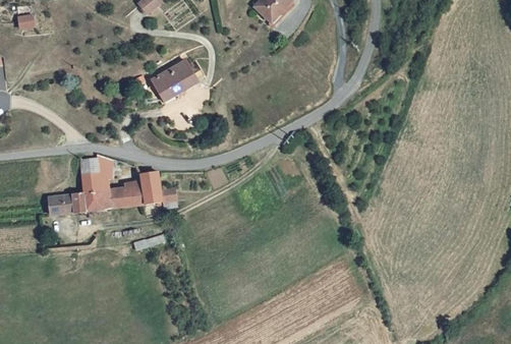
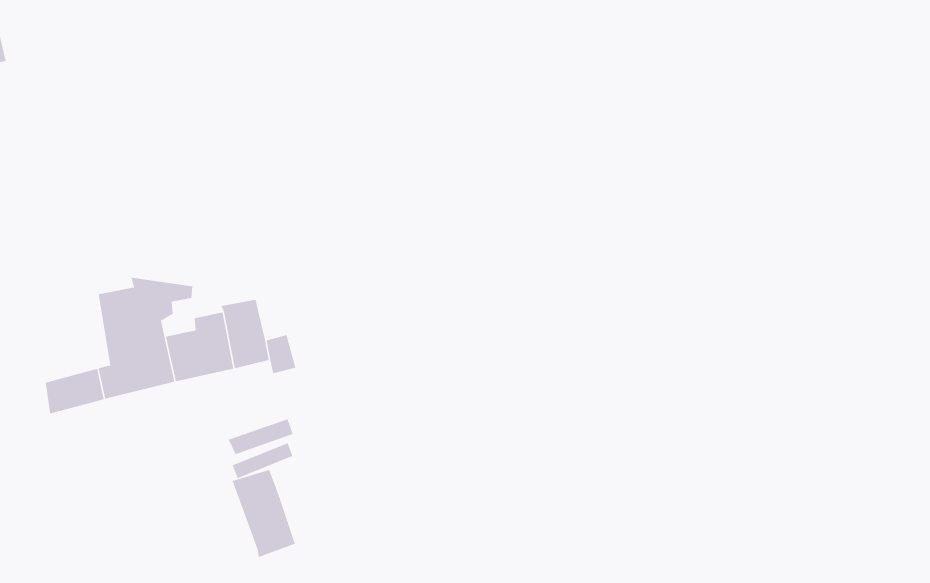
building: [153,57,205,99] -> none
building: none -> [232,469,295,558]

